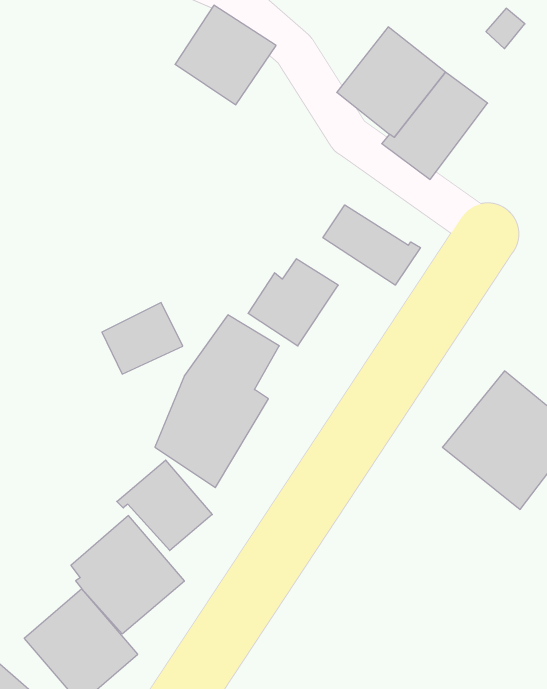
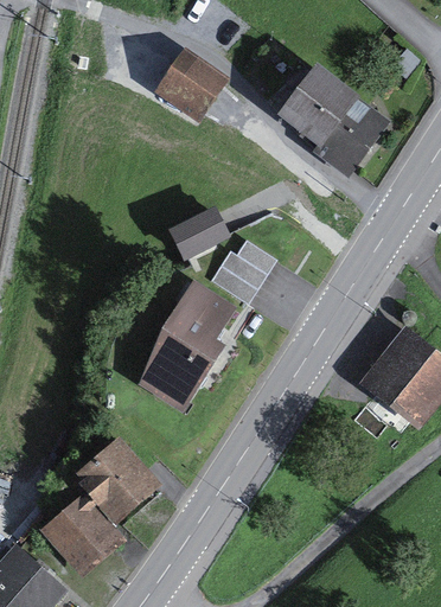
building: [323,205,420,285] -> none
building: [102,303,183,374] -> [170,204,231,258]
building: [117,460,212,551] -> none

